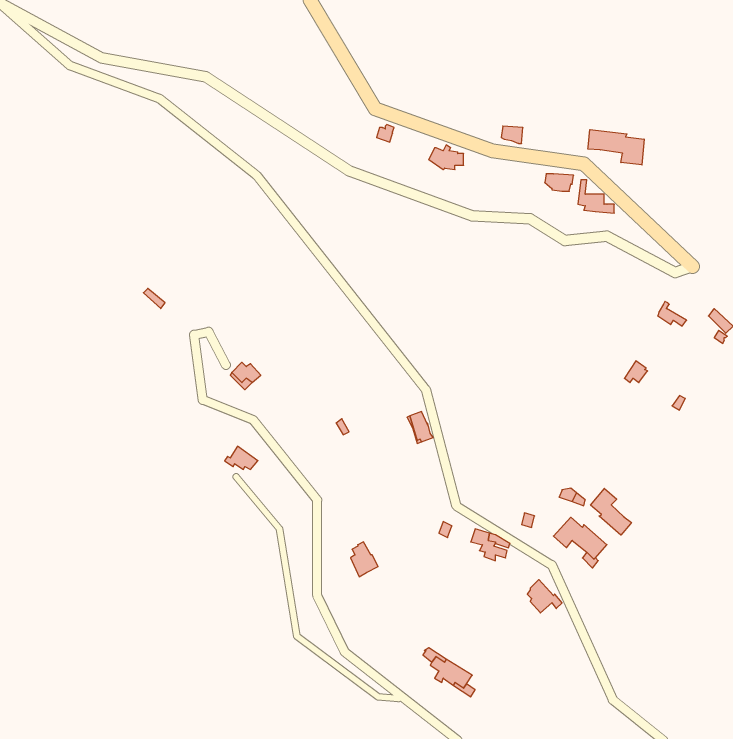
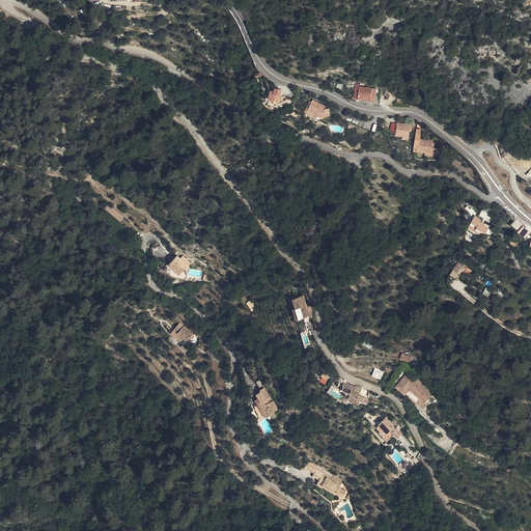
building: [588,130,644,165] -> none
building: [591,488,631,535] -> none

